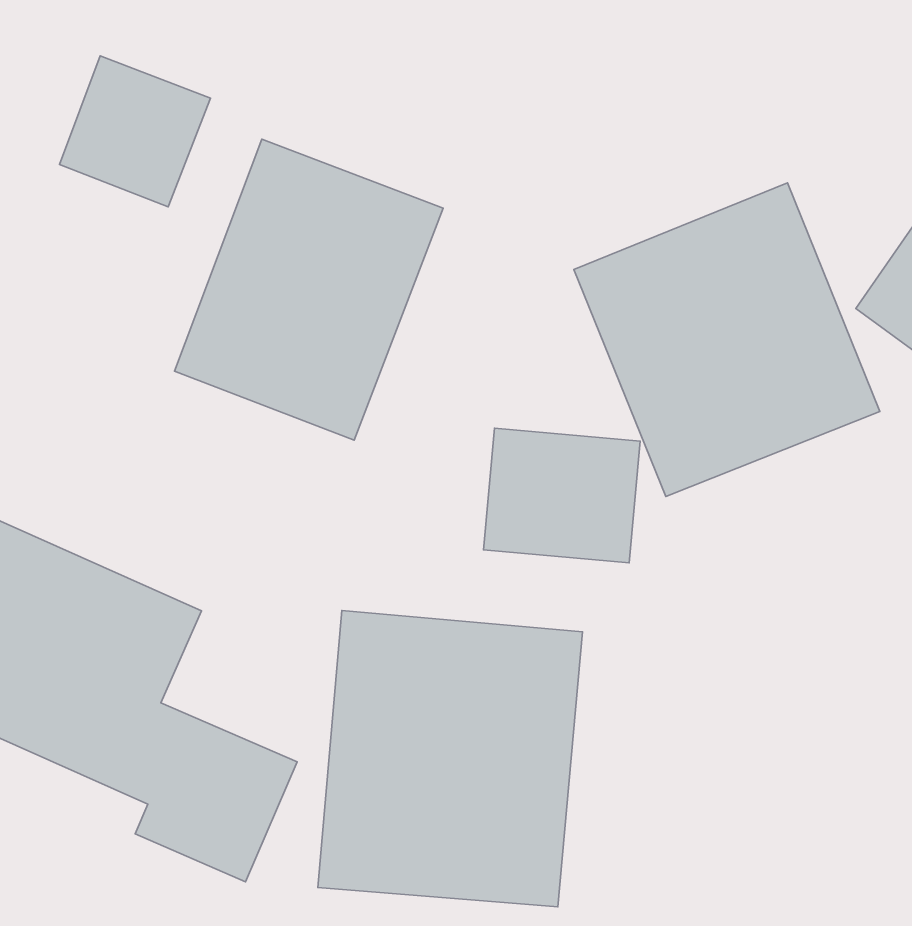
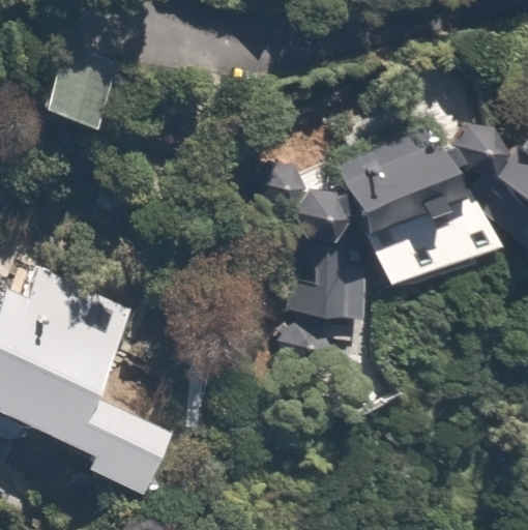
building: [174,139,443,440] -> none
building: [318,610,583,907] -> none

